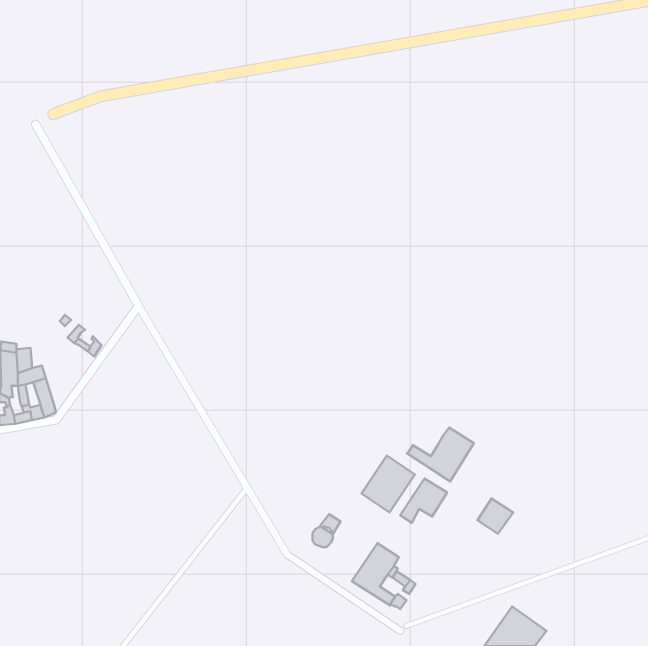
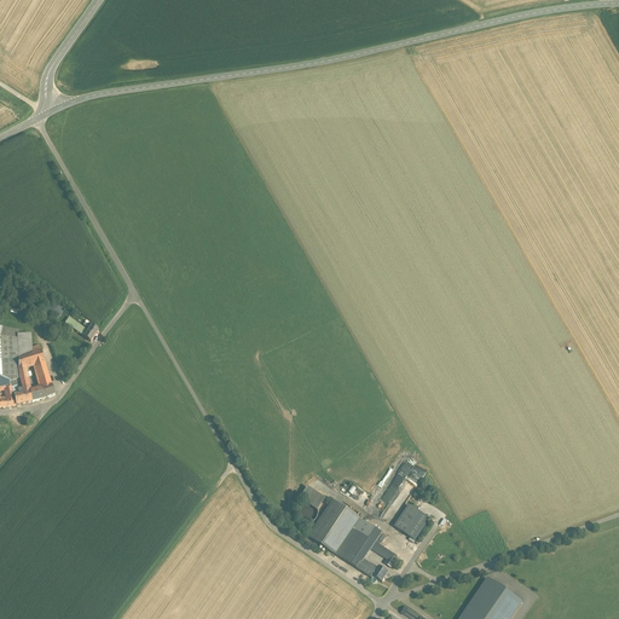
building: [407,427,474,482] -> none
building: [362,455,415,512] -> [308,499,359,554]
building: [477,498,513,534] -> [394,504,428,538]

